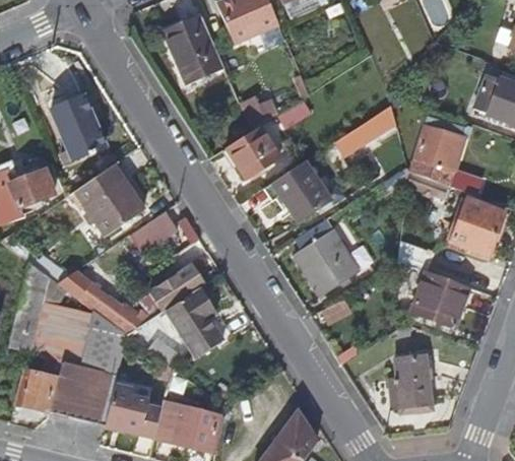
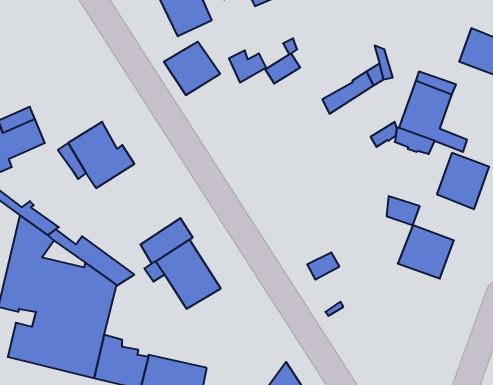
building: [52,94,105,161] -> none
building: [226,125,282,179] -> [164,42,220,95]
building: [272,161,332,220] -> none
building: [130,209,181,253] -> none
building: [293,218,358,294] -> none
building: [389,353,432,410] -> none

